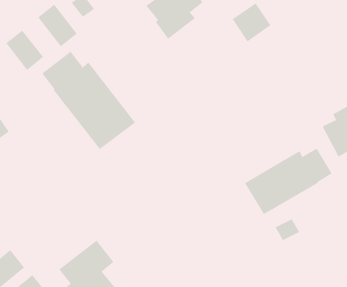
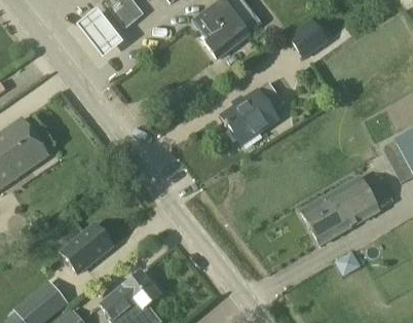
building: [5,30,44,71] -> none
building: [42,51,136,150] -> none
building: none -> [221,80,285,144]
building: none -> [61,222,112,272]

